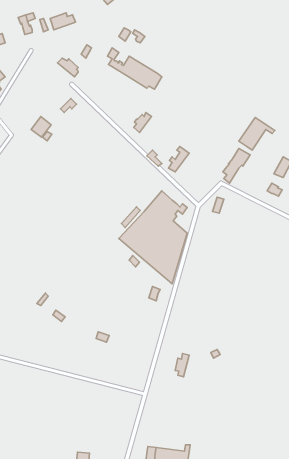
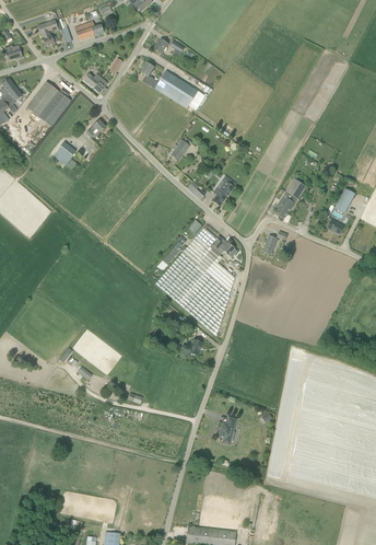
building: none -> [26,80,71,126]
building: [239,117,275,150] -> none

